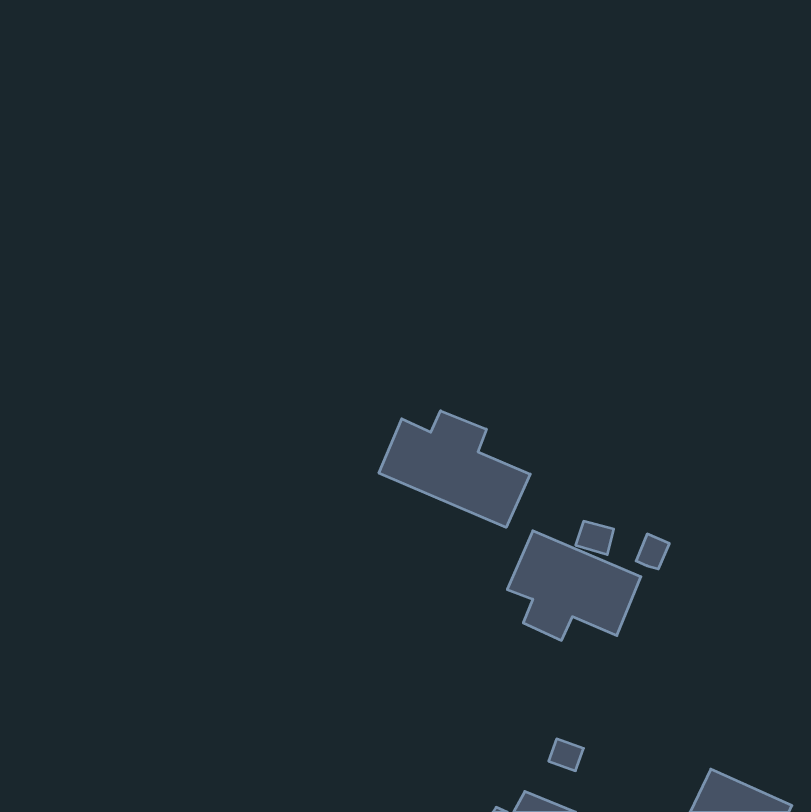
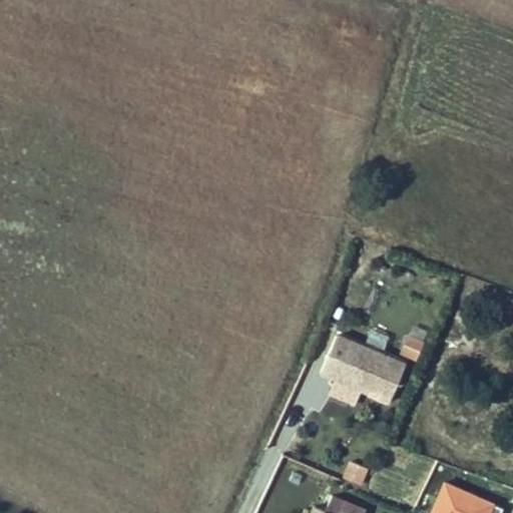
building: [379,411,530,527] -> none

